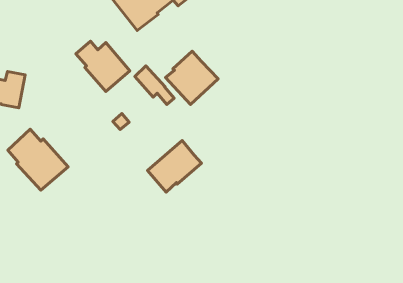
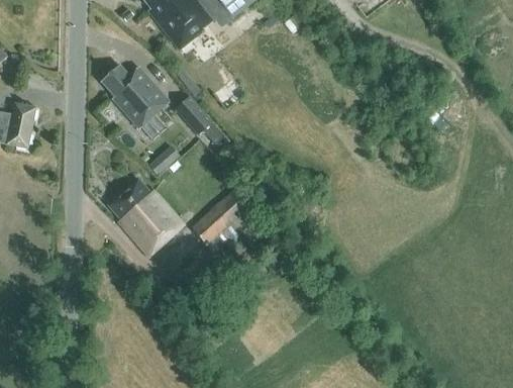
building: [166,51,218,104] -> none
building: [8,129,68,190] -> [108,178,184,255]

